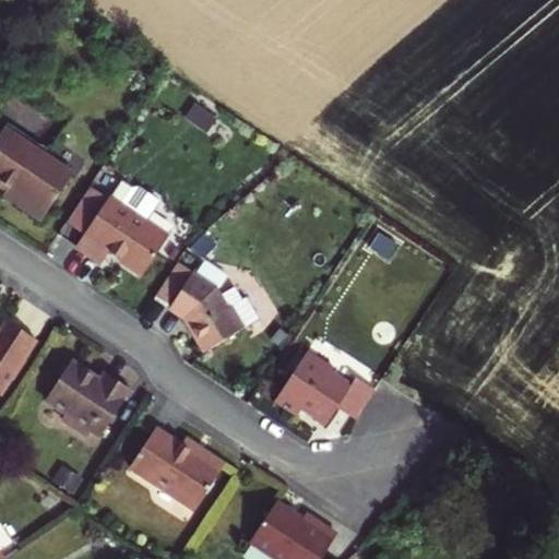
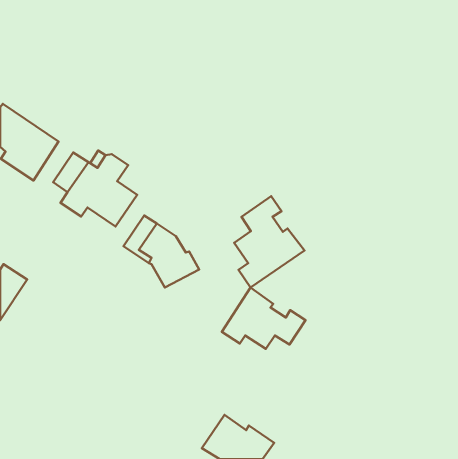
building: none -> [234,196,304,288]
building: [45,361,130,437] -> none
building: [128,428,224,511] -> none

